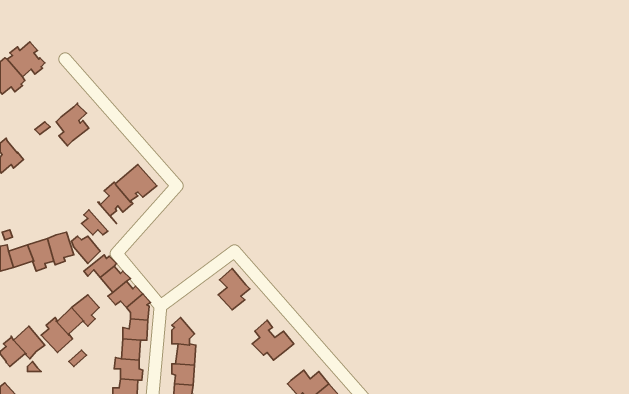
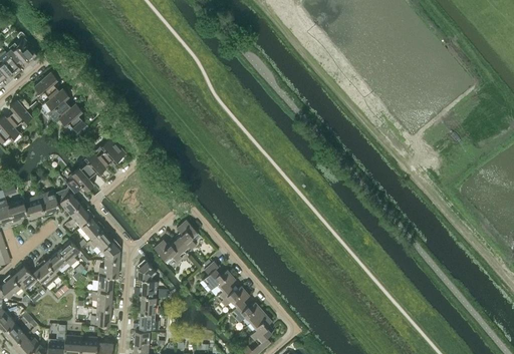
building: none -> [34,71,60,98]
building: none -> [7,99,33,127]
building: none -> [59,102,89,135]
building: none -> [155,240,187,264]
building: none -> [217,285,250,309]

